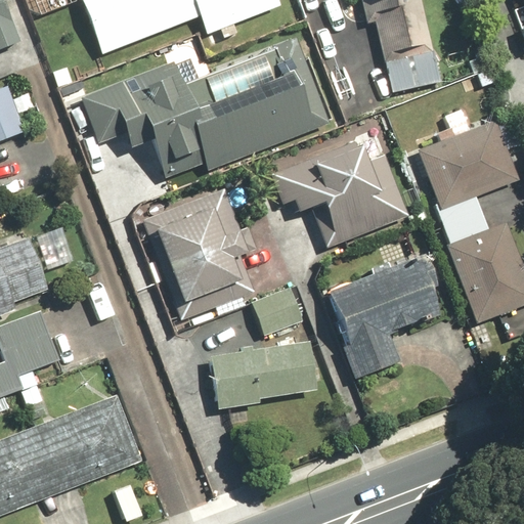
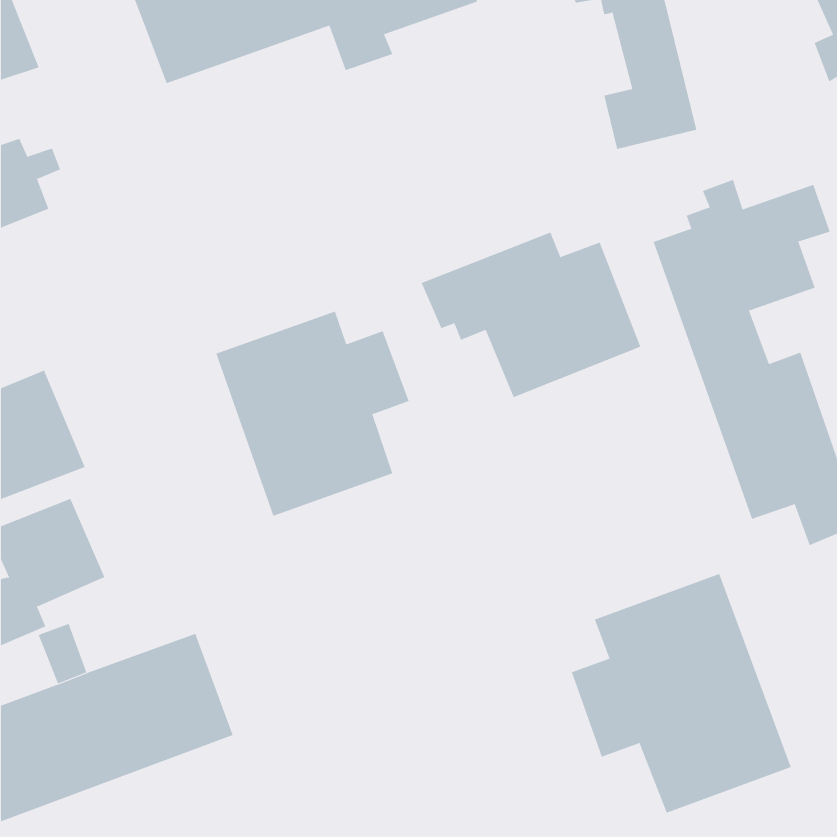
building: [82,37,336,173] -> none
building: [321,253,431,377] -> none
building: [244,288,297,335] -> none
building: [202,339,310,406] -> none
building: none -> [571,573,791,814]

